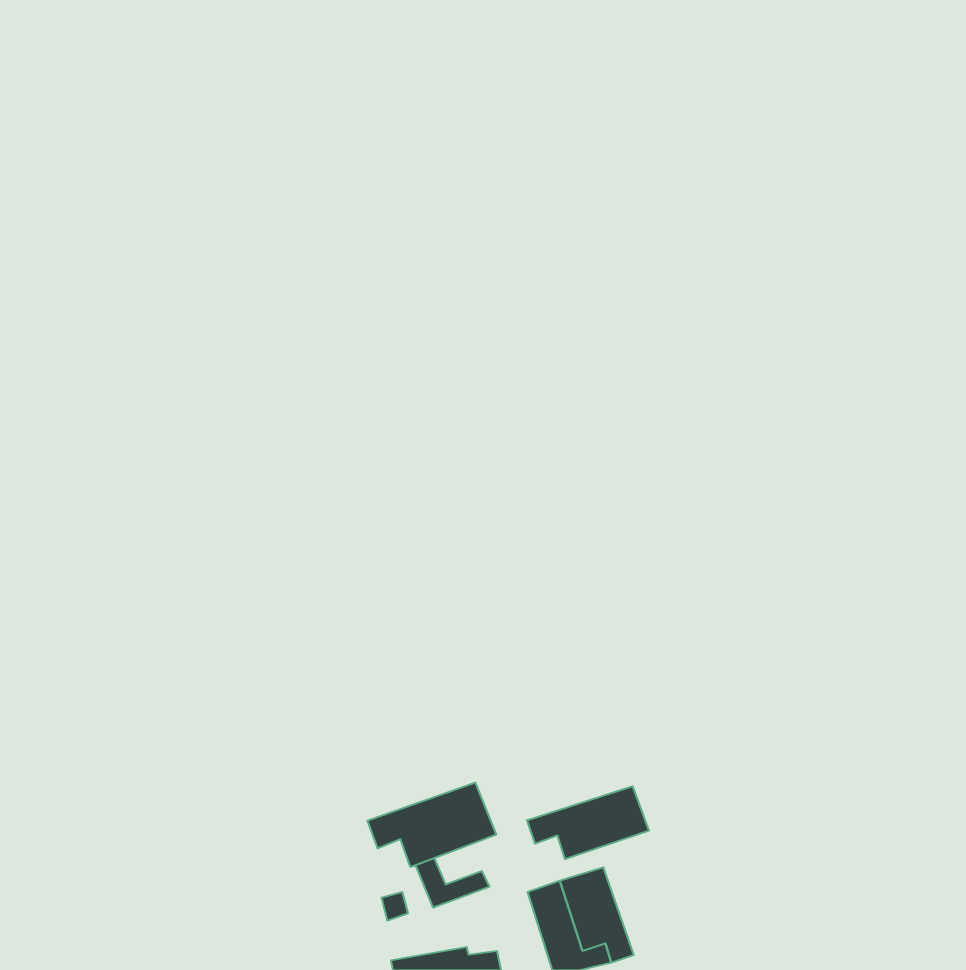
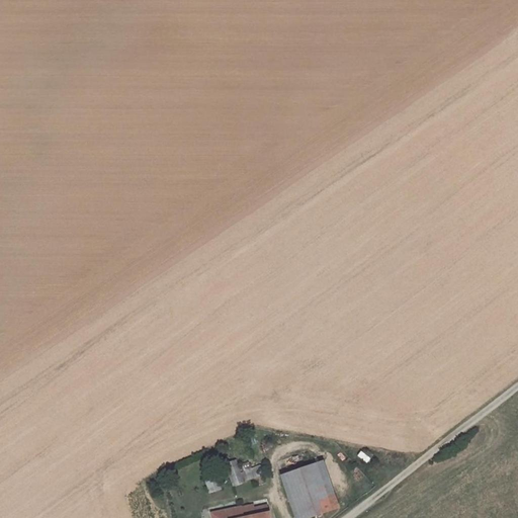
building: [368,783,496,867] -> none
building: [527,786,649,859] -> none

